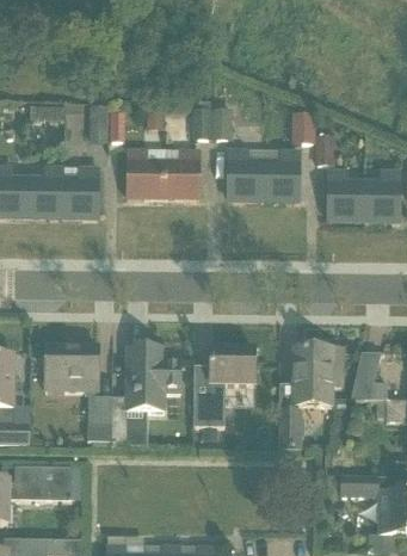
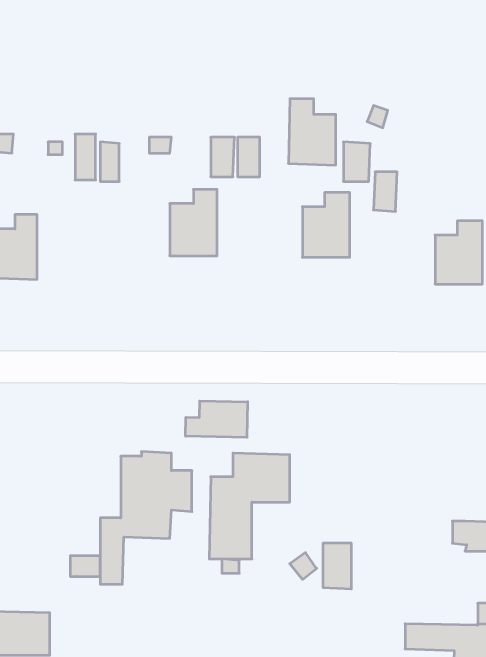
building: [127,146,162,197] -> none
building: [227,148,263,198] -> [288,99,336,165]
building: [62,166,98,215] -> none
building: [327,168,363,218] -> none
building: none -> [186,401,248,437]
building: [44,344,98,390] -> none
building: [292,347,341,404] -> none
building: [351,351,387,397] -> none

